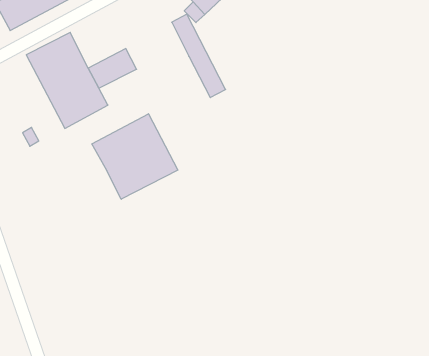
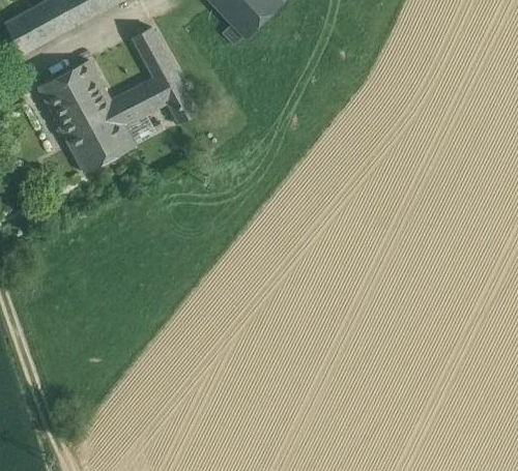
building: [172,14,226,98] -> [134,27,196,123]
building: [92,114,178,199] -> none

